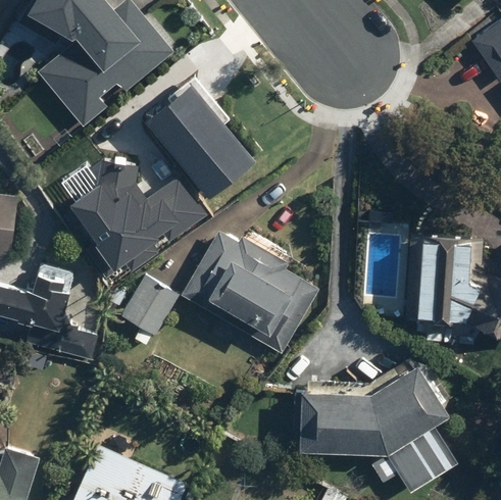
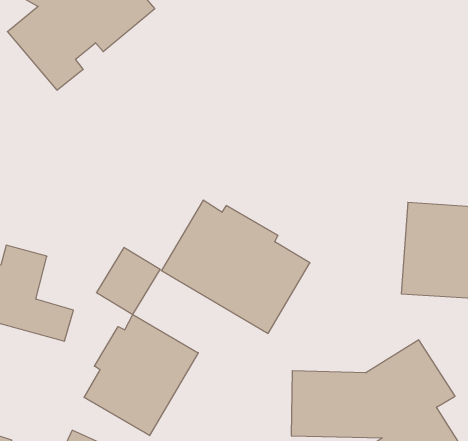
building: [148,82,257,198] -> none
building: [65,169,198,274] -> none
building: none -> [84,315,198,436]

